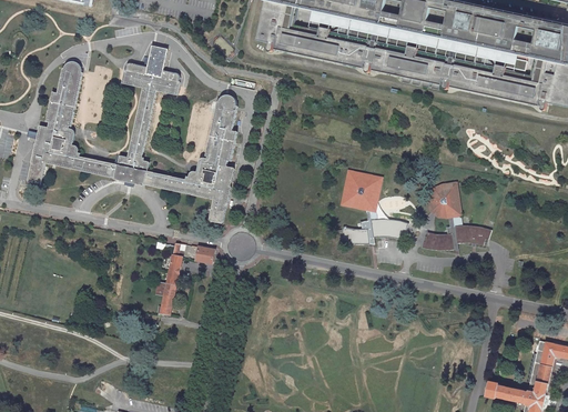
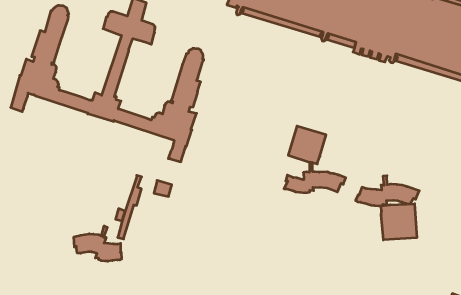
building: [428,181,462,217] -> none
building: none -> [381,204,417,240]
building: none -> [74,226,122,261]

